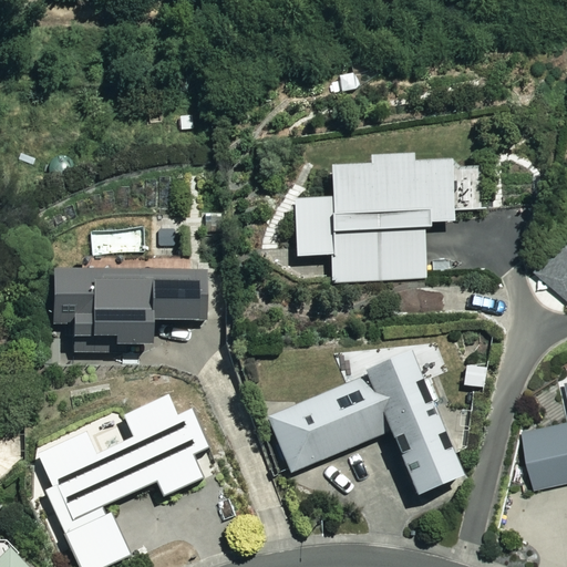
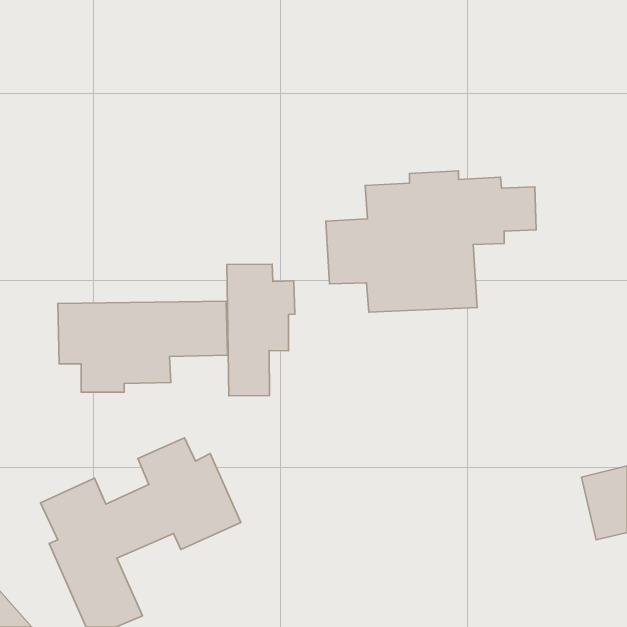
building: none -> [227,264,295,396]
building: [268,340,462,493] -> none

